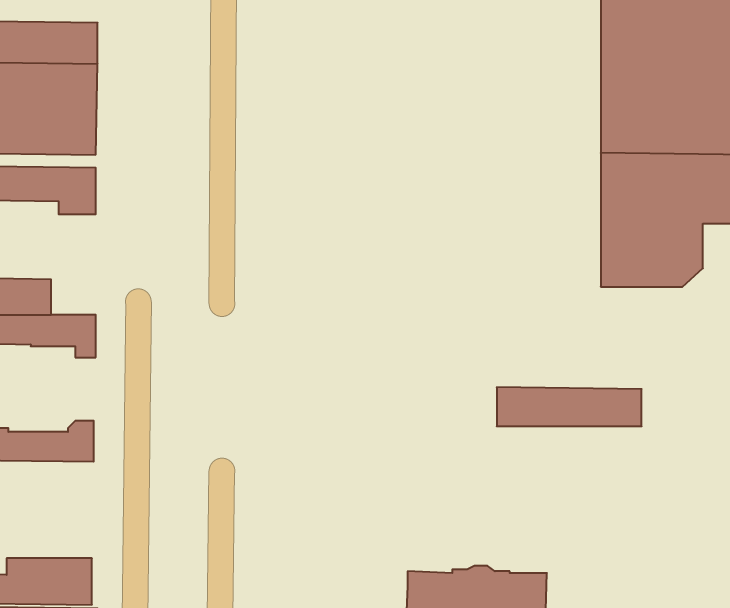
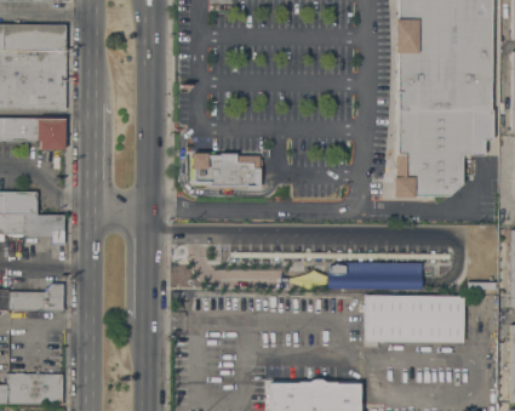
building: none -> [190,152,263,190]
building: none -> [366,295,463,342]

